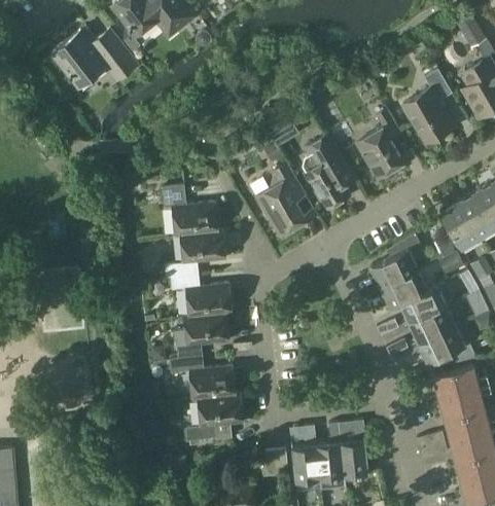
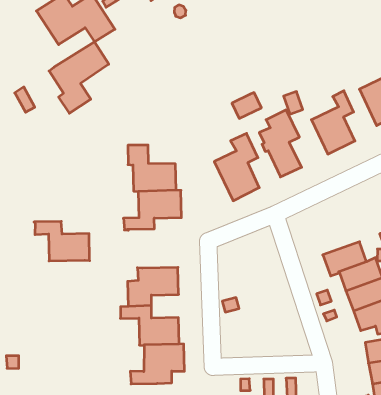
building: none -> [49,42,109,113]
building: [370,233,419,286] -> none
building: [169,274,232,317] -> [34,221,90,261]

